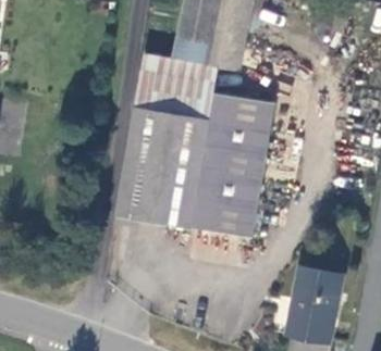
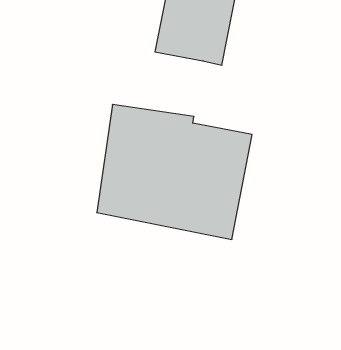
building: [132,51,274,137] -> none
building: [286,267,341,341] -> none

